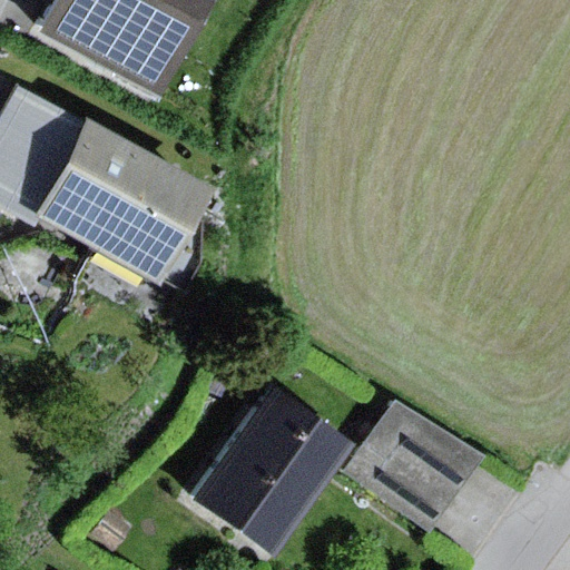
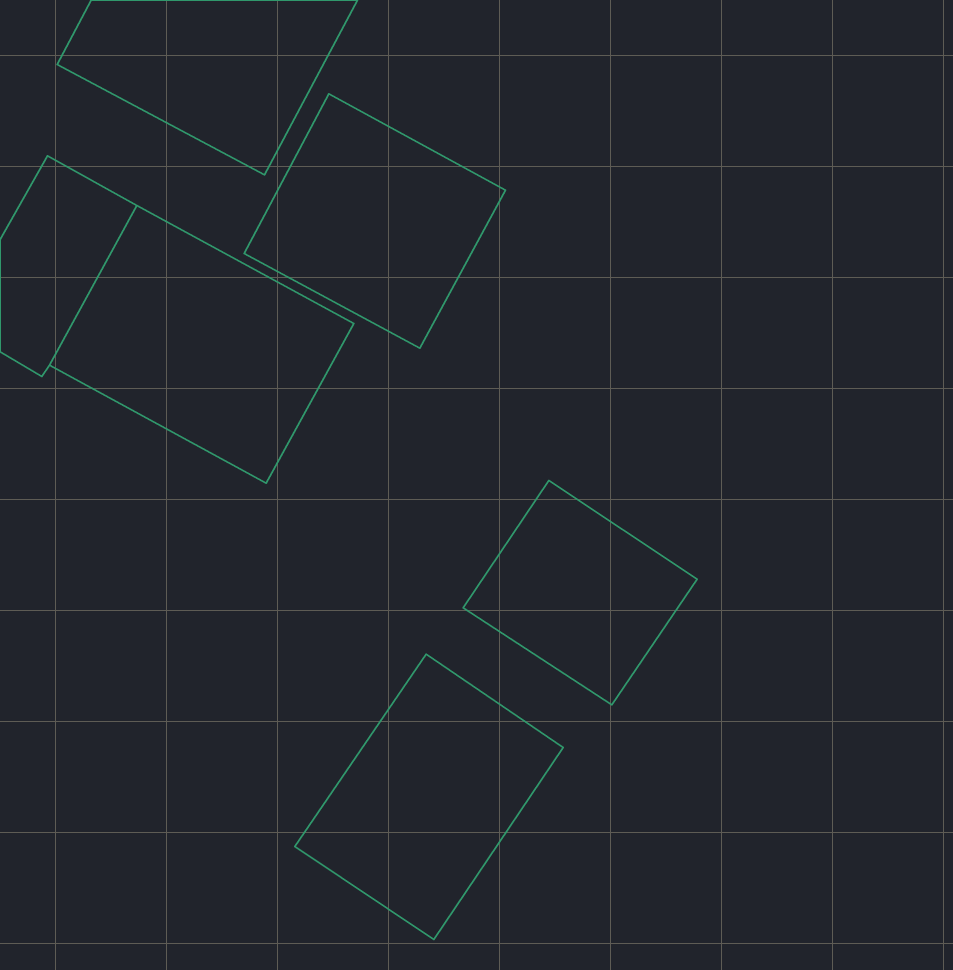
building: none -> [244,94,506,348]
building: [343,395,480,527] -> [463,480,697,705]

